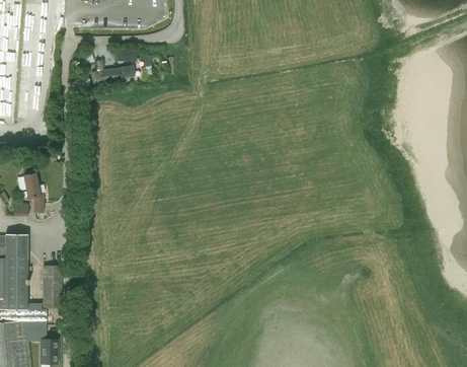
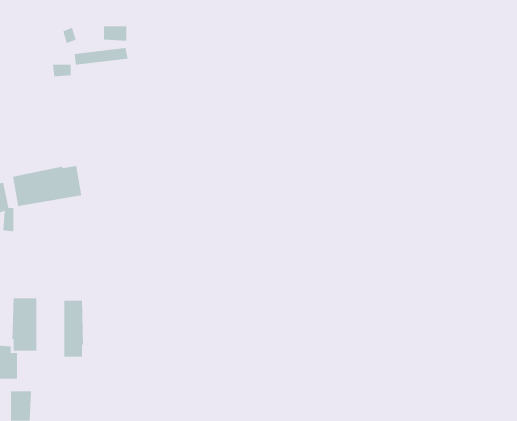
building: none -> [12,165,82,207]
building: none -> [64,300,84,358]

